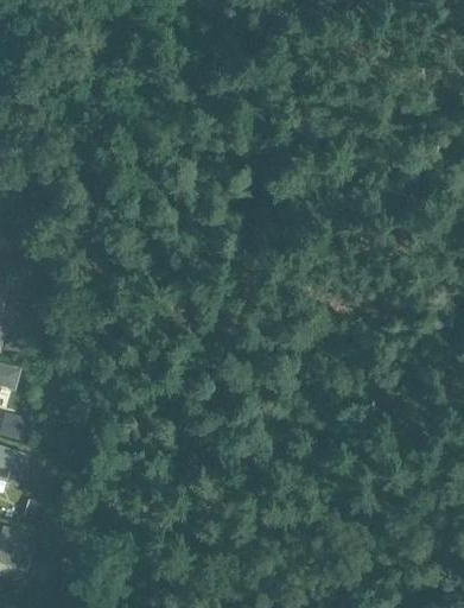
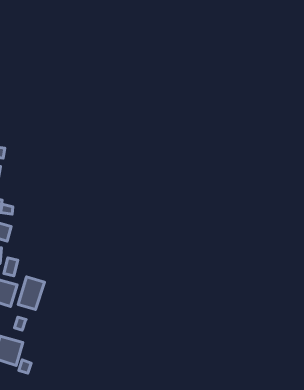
building: none -> [18,277,45,310]

